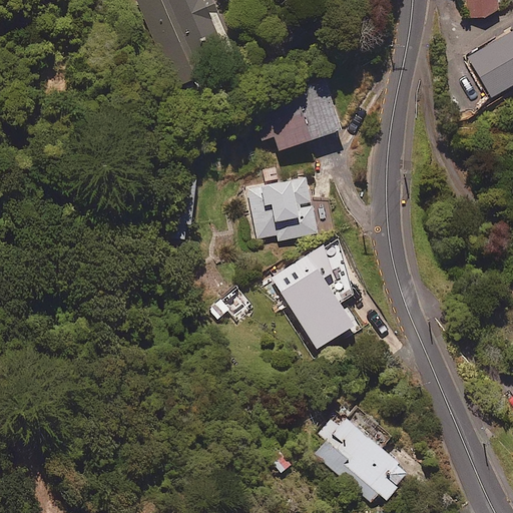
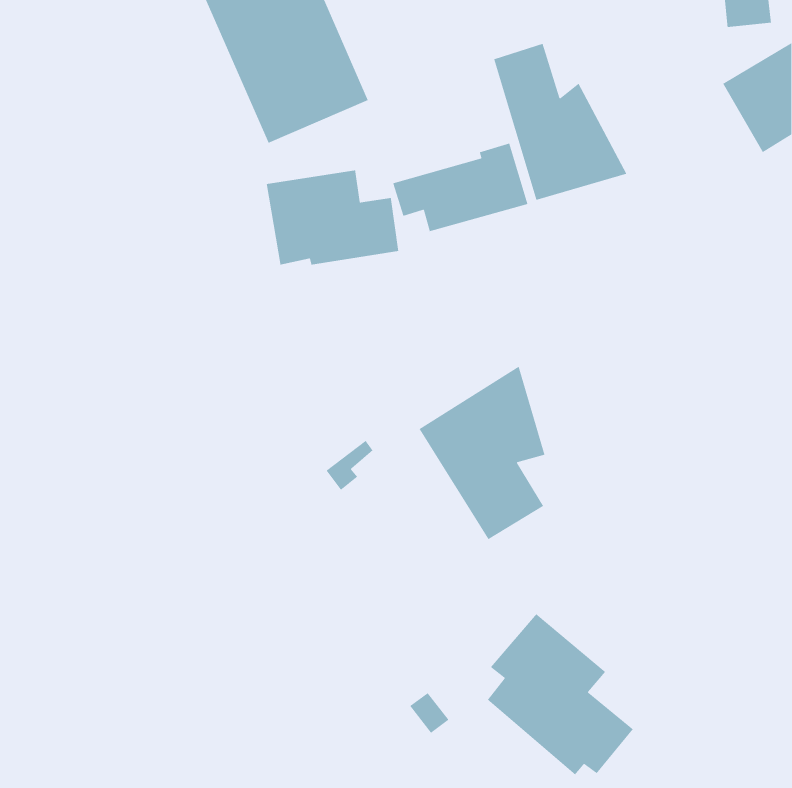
building: none -> [493,43,627,201]
building: [247,177,334,239] -> [266,169,399,265]

